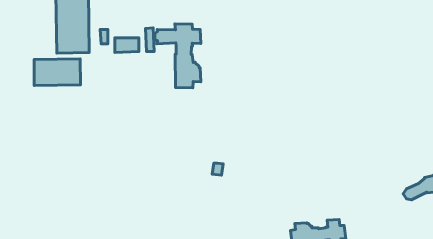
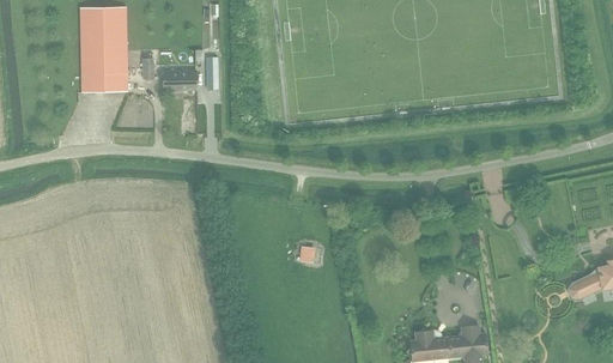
building: [155,24,201,88] -> none
building: [34,59,80,85] -> none

